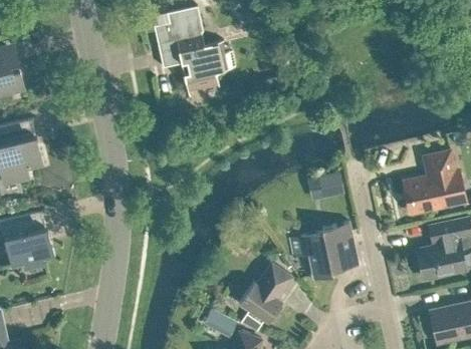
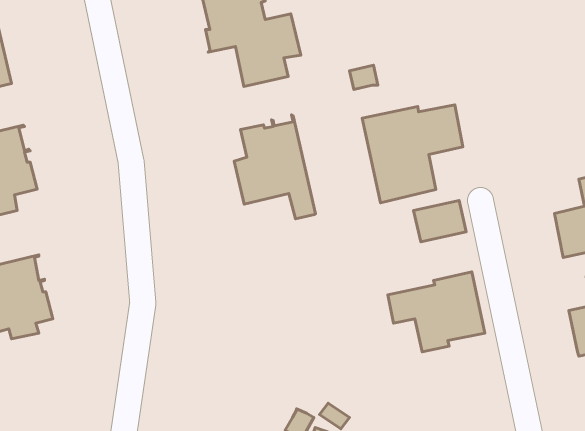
building: none -> [362,105,463,203]
building: none -> [234,115,315,219]
building: [238,263,292,323] -> none

